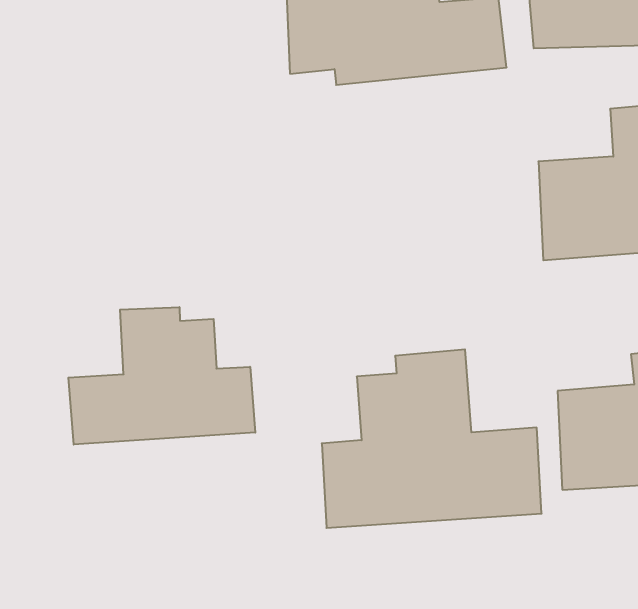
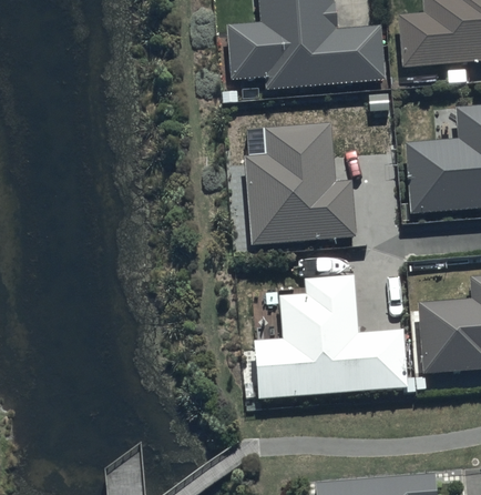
building: none -> [244,123,356,242]
building: [68,307,255,445] -> none

